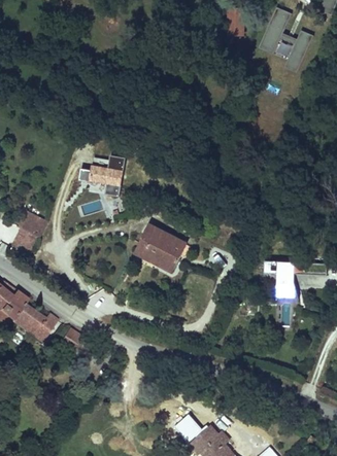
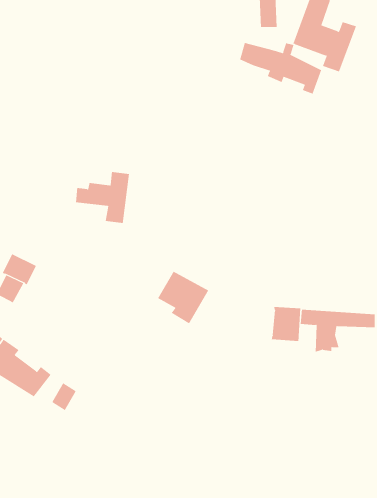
building: none -> [239,42,322,94]
building: [134,226,159,267] -> none
building: none -> [271,306,301,342]

